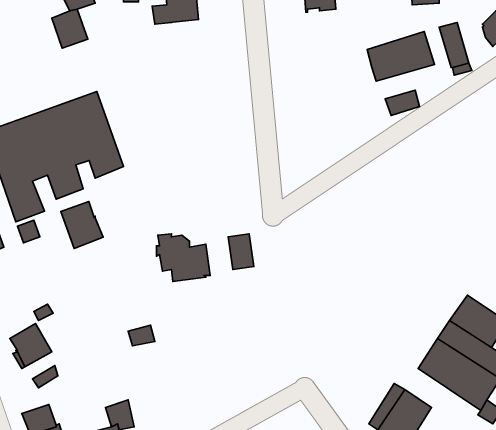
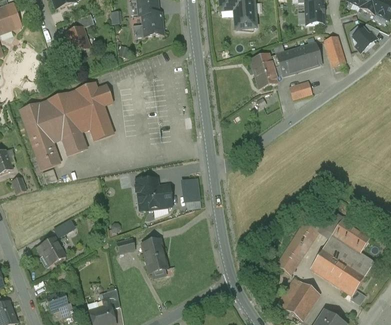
building: none -> [250,53,279,88]
building: [61,202,103,248] -> none
building: none -> [276,218,321,274]
building: none -> [142,239,167,277]

